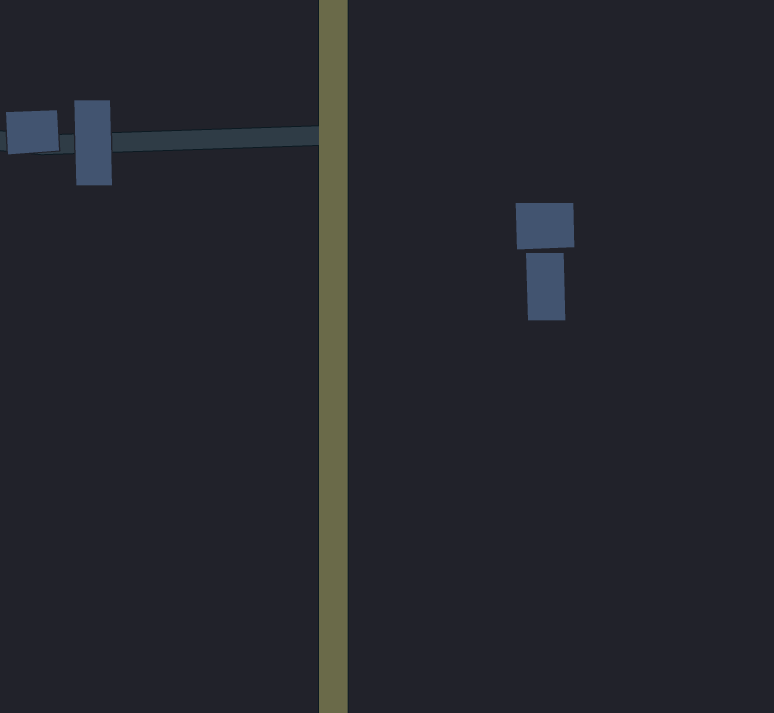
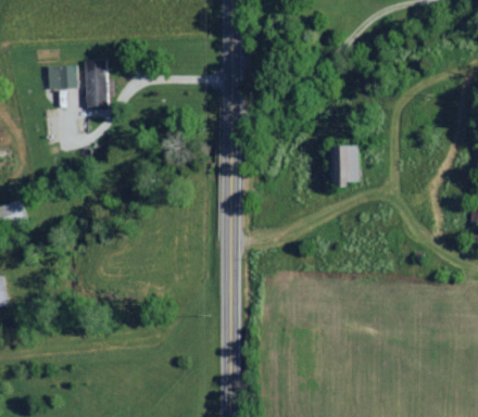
building: [515,202,575,250] -> none

